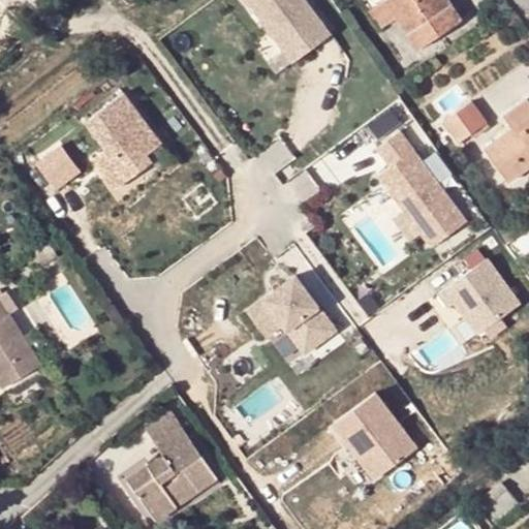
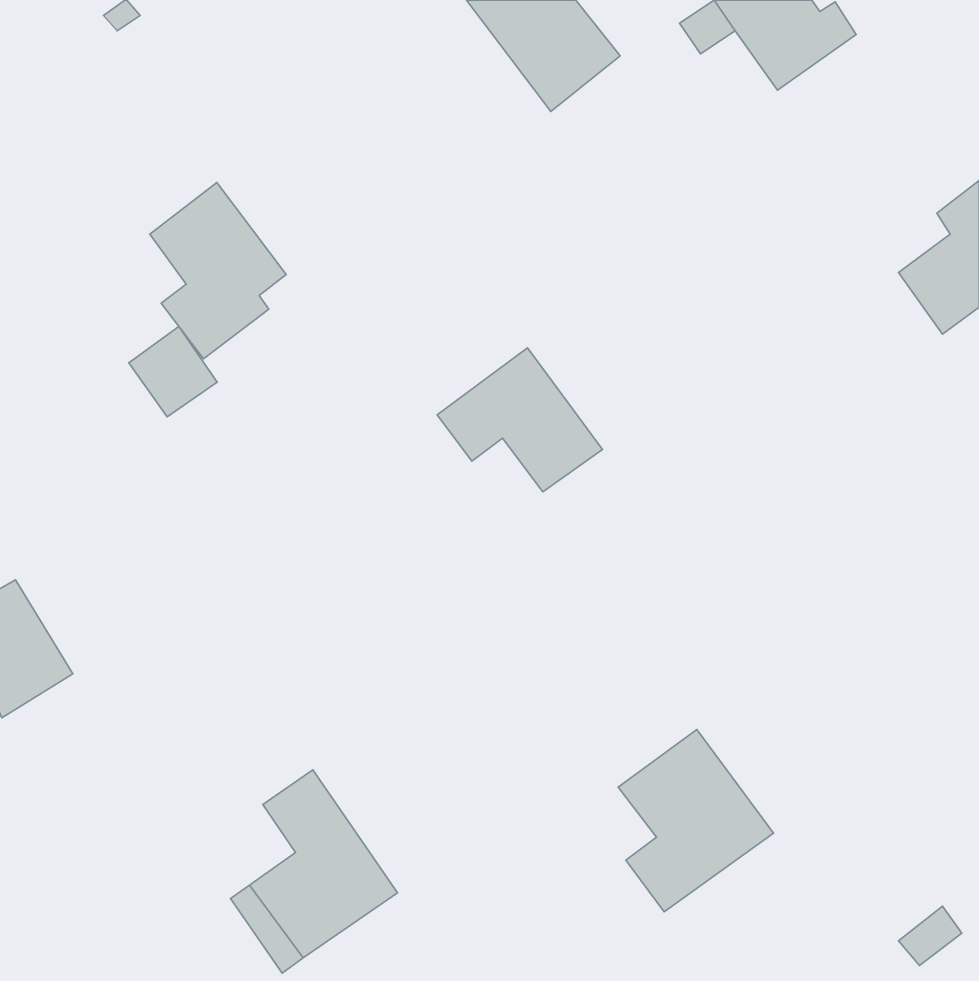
building: [443,103,484,143] -> none
building: [379,128,466,247] -> none
building: [36,143,84,191] -> [129,326,217,417]
building: [440,259,522,335] -> none
building: [246,276,335,353] -> [437,348,602,492]

